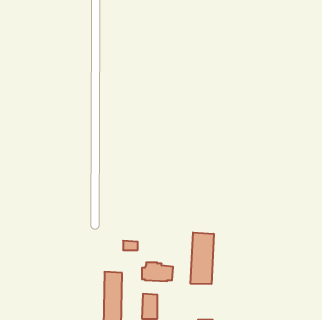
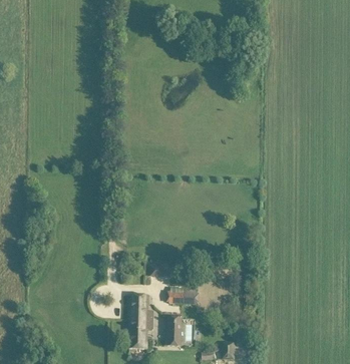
building: [191,232,214,284] -> none

